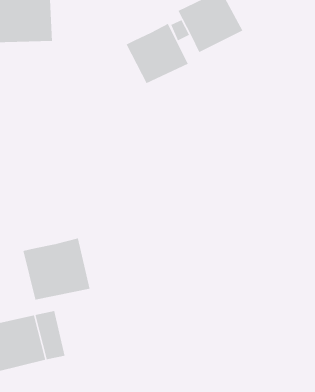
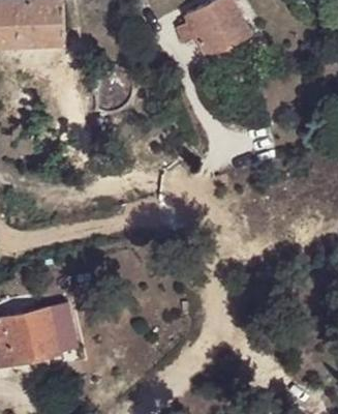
building: [125,23,189,84] -> none
building: [23,238,91,301] -> none

